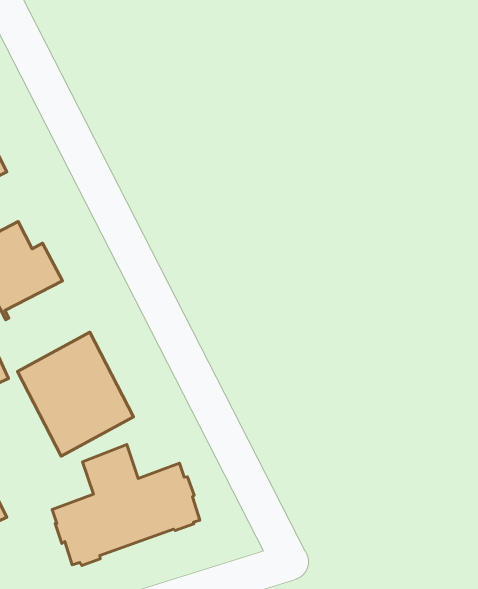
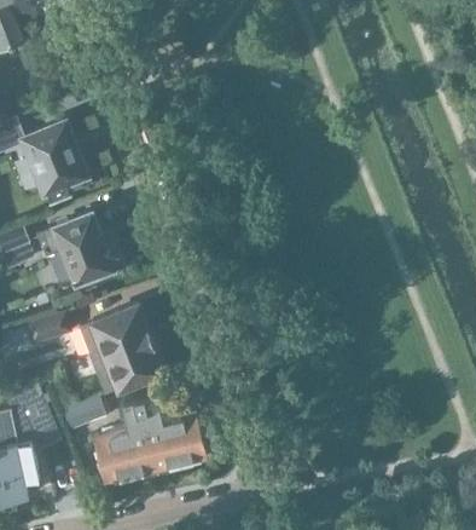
building: none -> [62,398,105,430]

